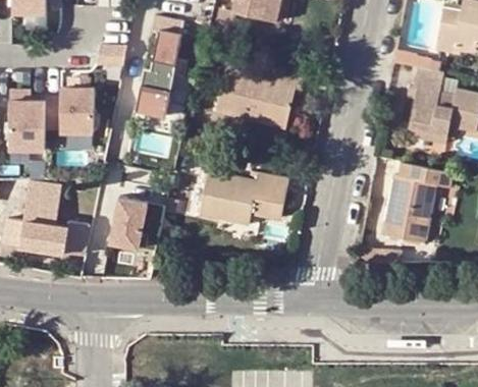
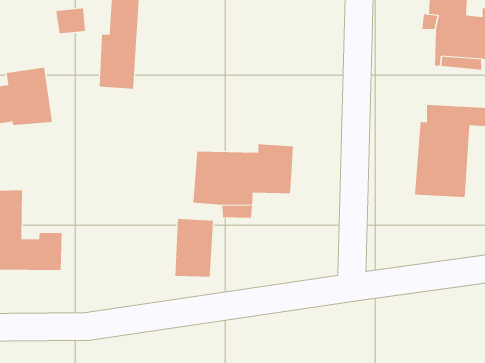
building: [215,66,306,128] -> none
building: [109,198,148,250] -> [174,218,214,277]

